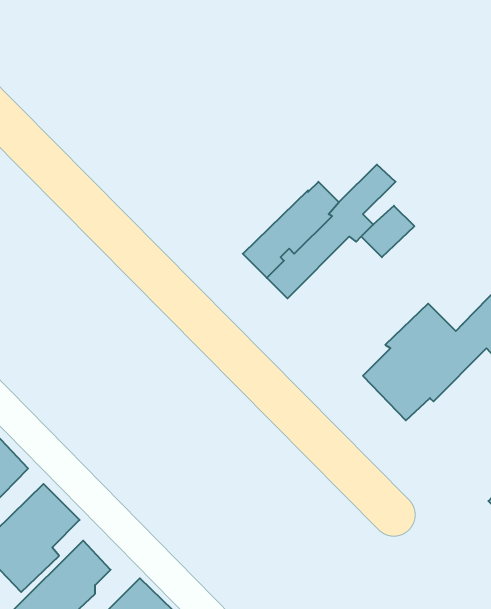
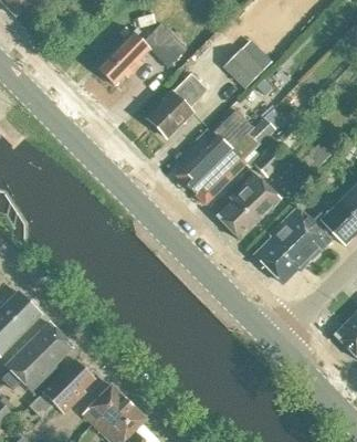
building: none -> [97,22,186,85]
building: none -> [223,49,263,87]
building: none -> [146,73,208,137]
building: none -> [217,171,280,238]

